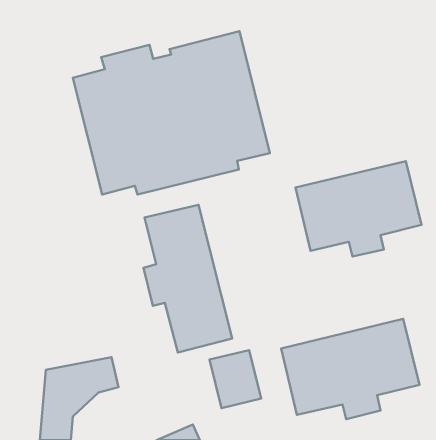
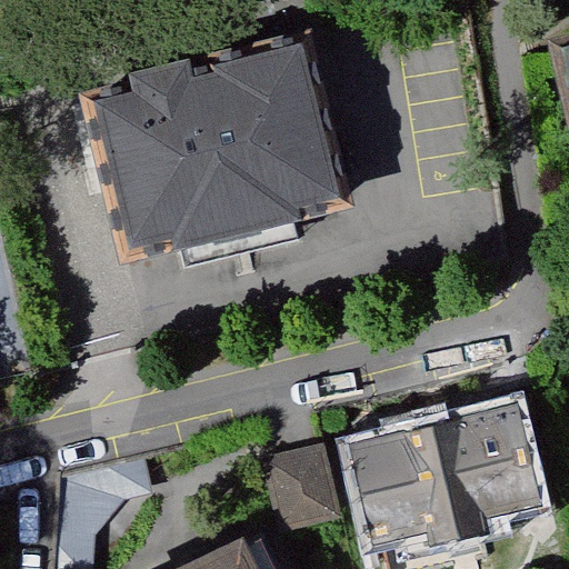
building: [296,161,421,257] -> none
building: [144,205,232,353] -> none

